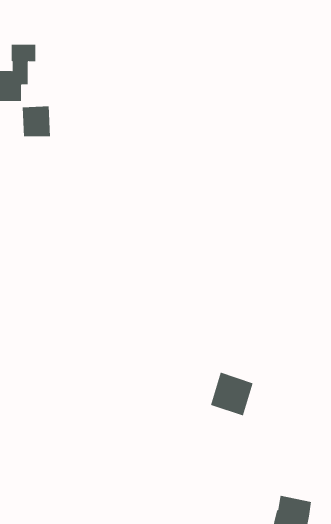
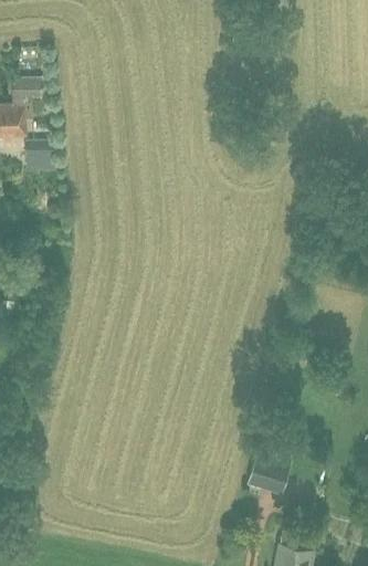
building: [210,372,253,416] -> [246,452,290,496]

